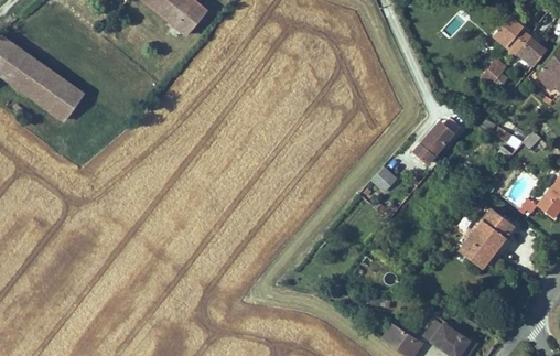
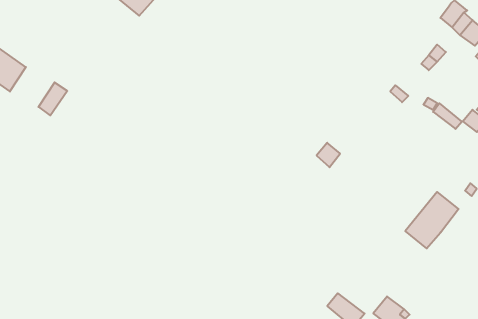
building: [54,86,84,120] -> [38,82,67,115]
building: [413,119,452,161] -> none

